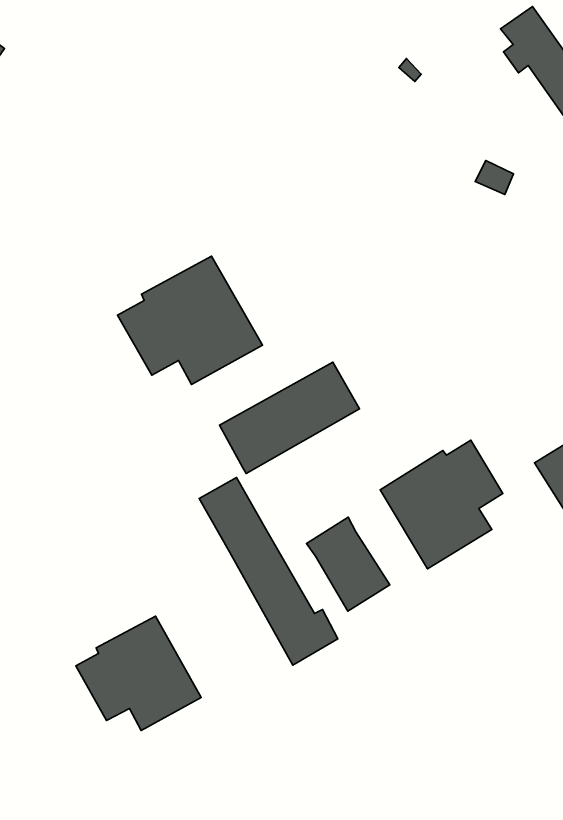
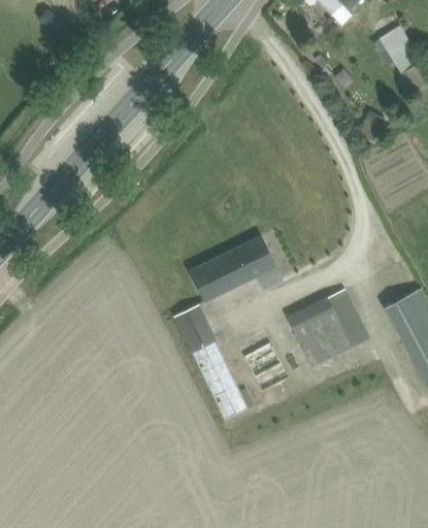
building: [118,256,262,385] -> none
building: [76,616,201,730] -> none

